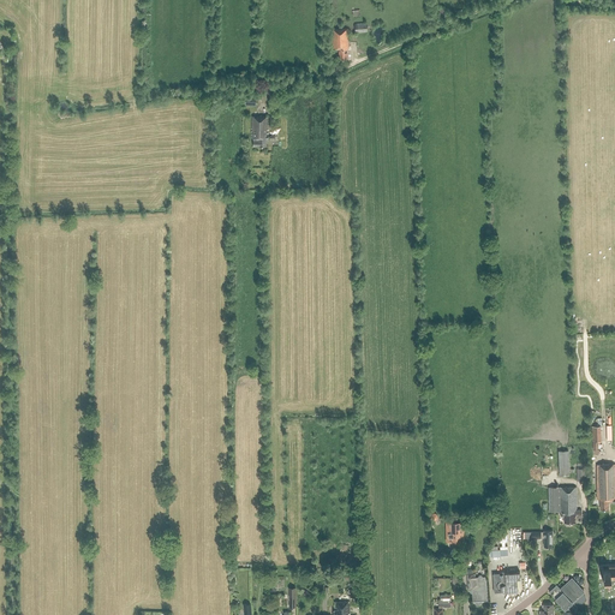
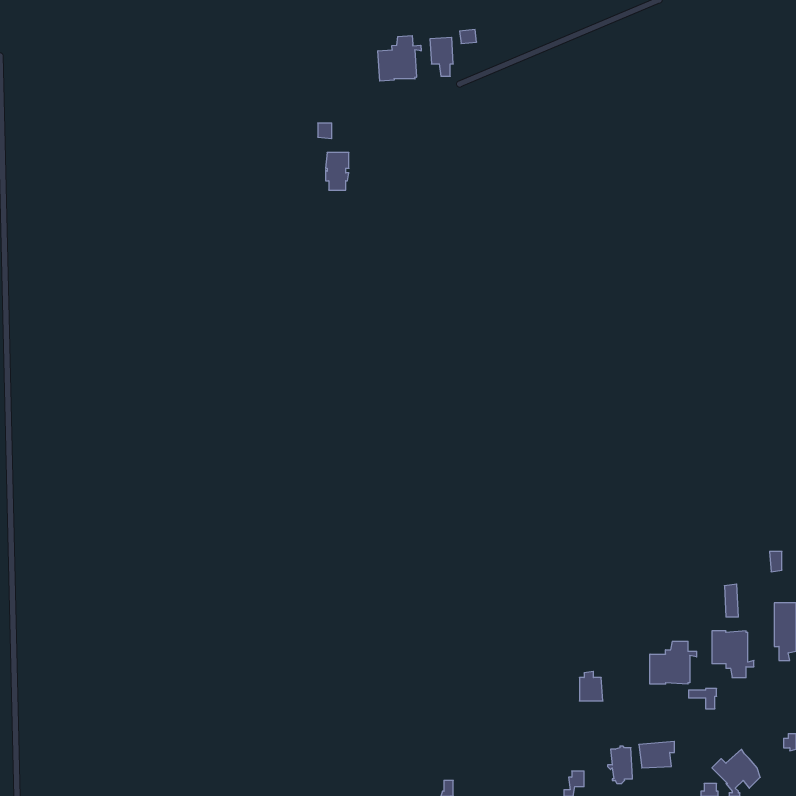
building: none -> [378,36,421,81]
building: none -> [650,641,697,684]

